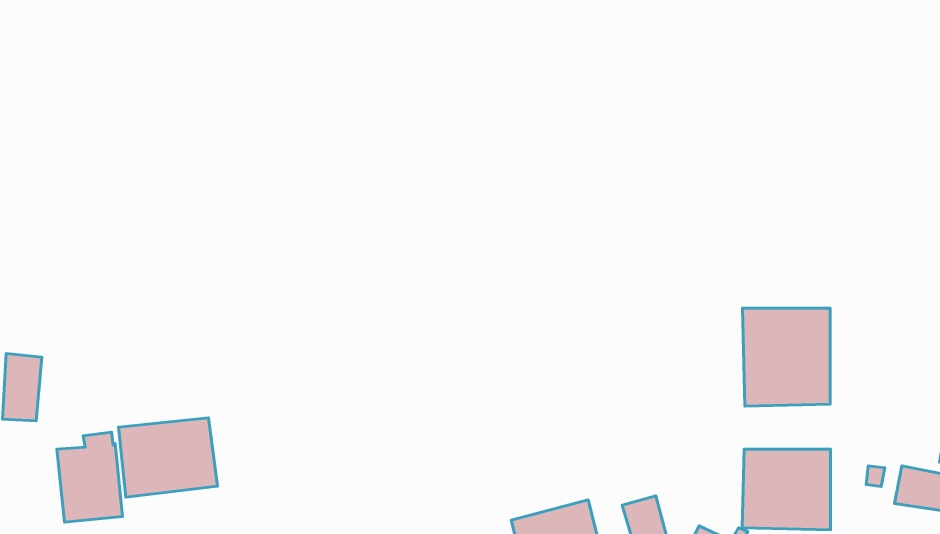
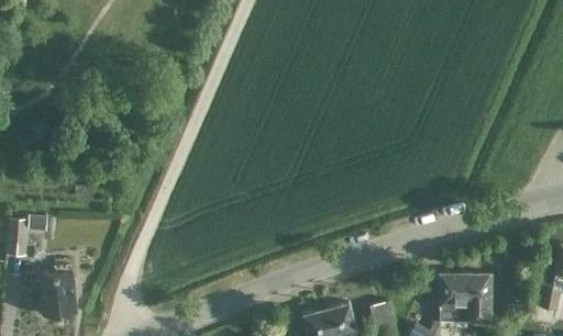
building: [743,308,830,406] -> none
building: [119,418,217,497] -> none

